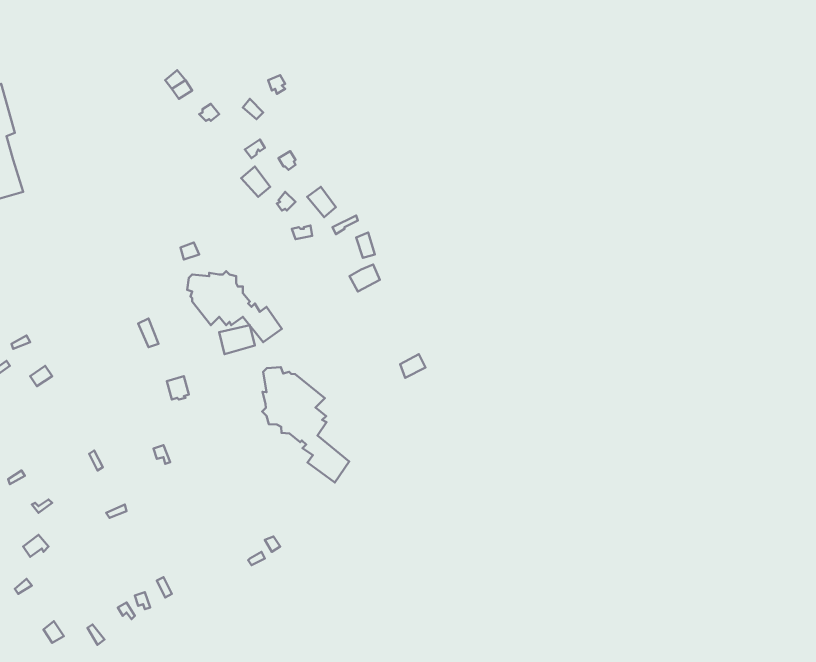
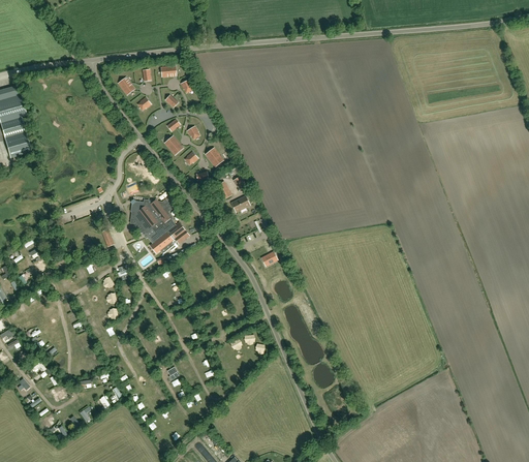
building: [262,367,349,482] -> none

